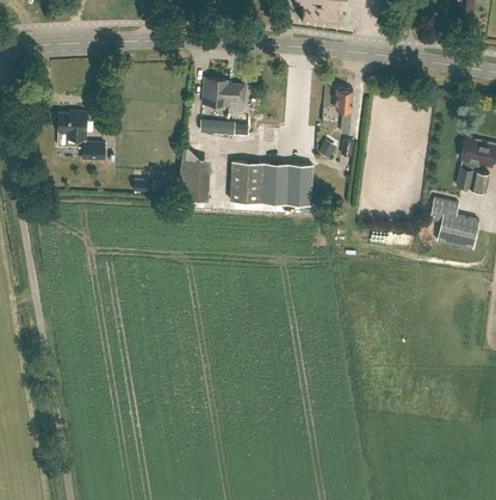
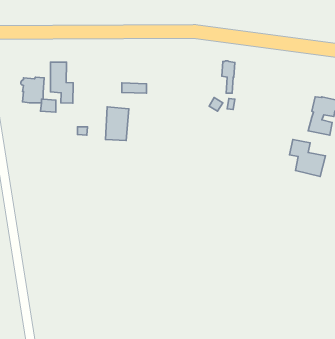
building: [204,79,247,106] -> none
building: none -> [51,62,73,103]
building: [231,162,314,204] -> none

